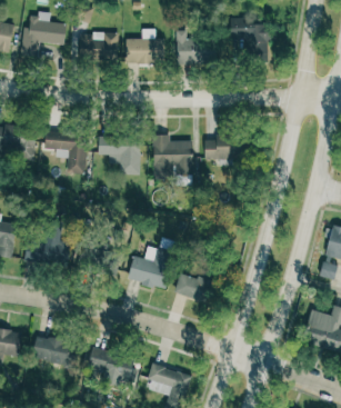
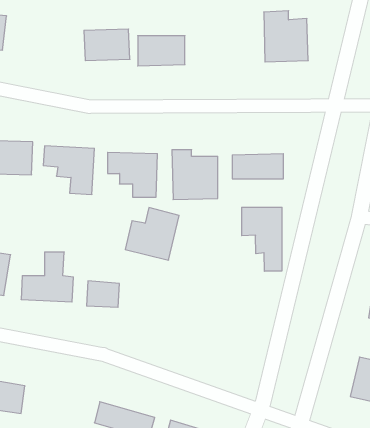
building: [21,12,67,57] -> none
building: [175,30,218,62] -> none
building: none -> [242,207,282,271]
building: [128,245,173,289] -> [125,208,179,260]
building: [174,272,215,303] -> none
building: [32,336,77,366] -> none

